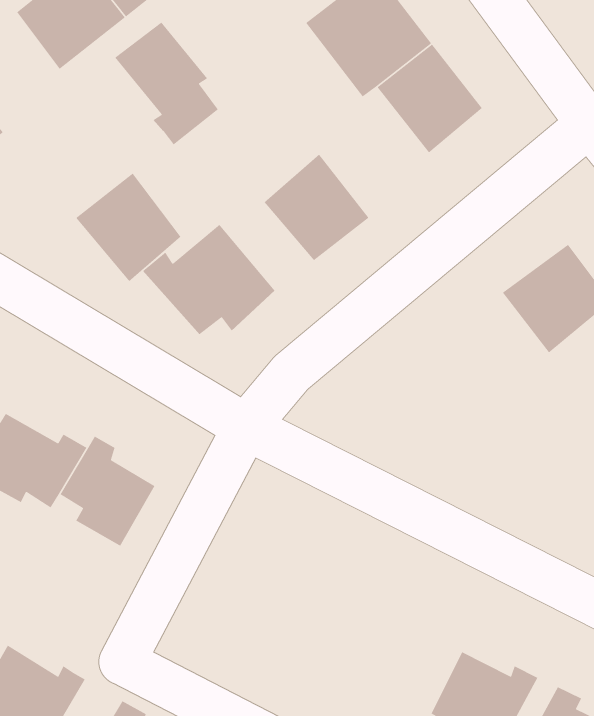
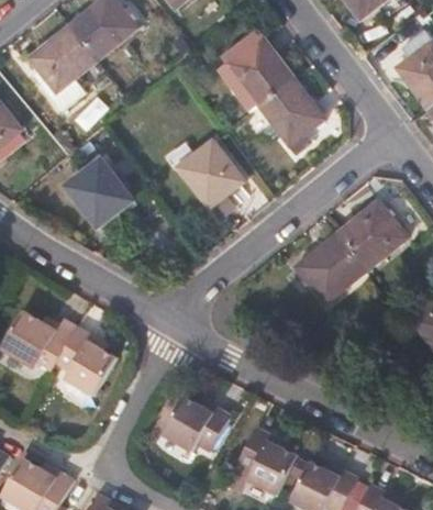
building: [114,22,219,145] -> none
building: [142,224,276,335] -> none
building: none -> [296,234,366,304]
building: none -> [162,395,230,451]
building: none -> [237,424,299,494]

